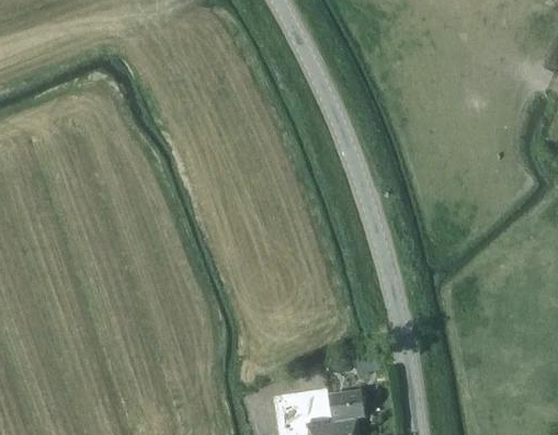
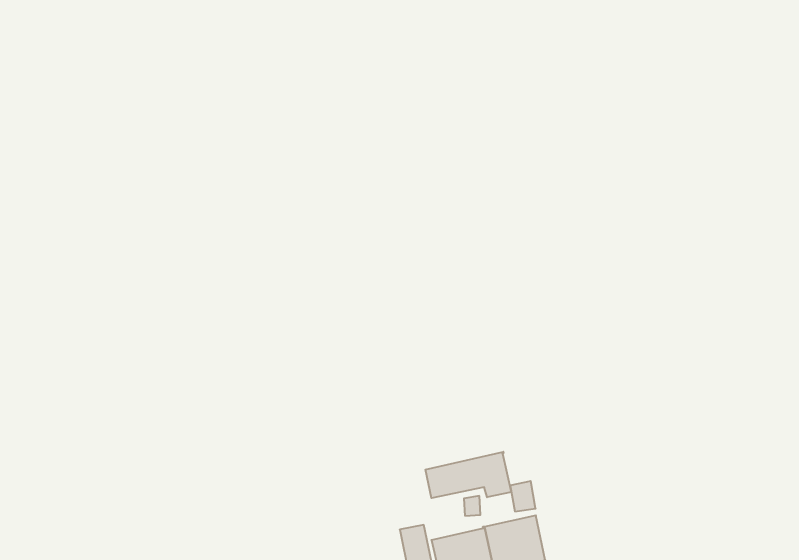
building: none -> [425,452,511,498]

